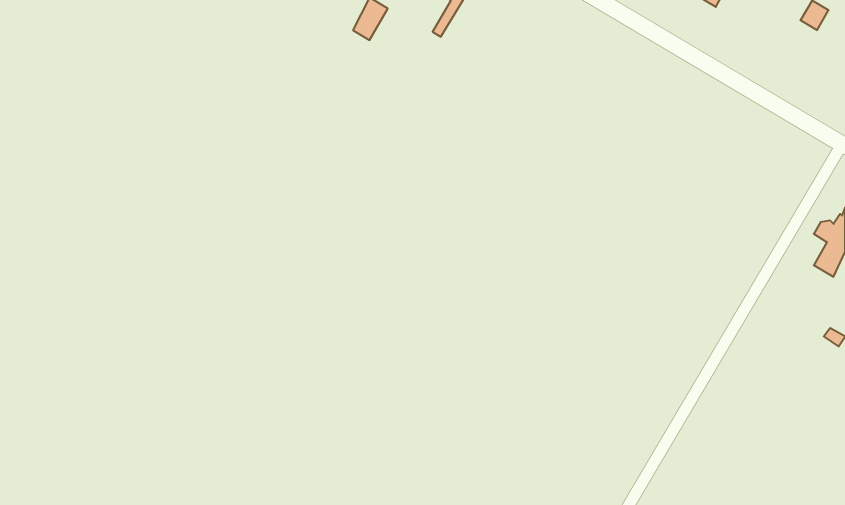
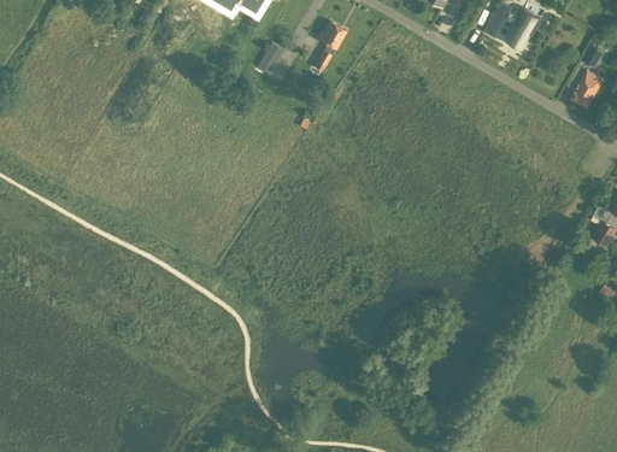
building: none -> [569,70,601,107]

